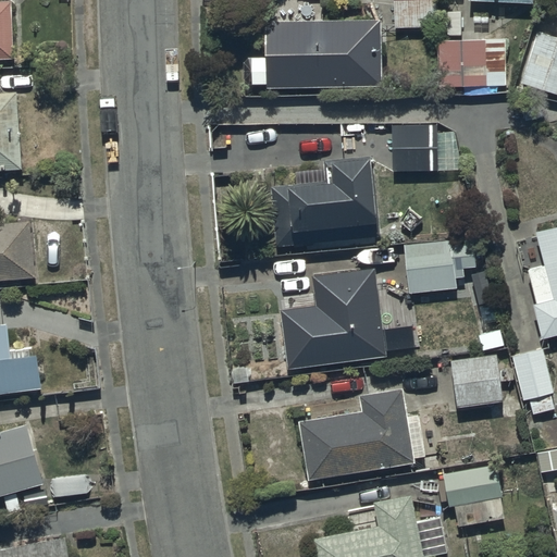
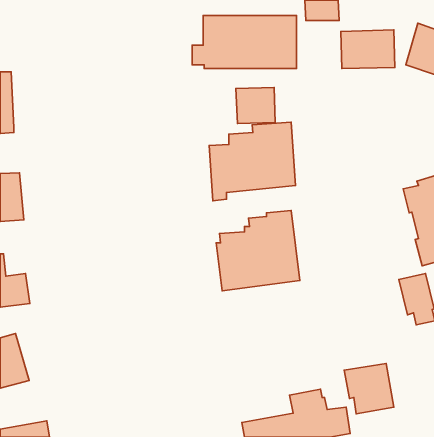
building: [389,125,440,171] -> [236,88,275,123]
building: [403,238,476,293] -> none
building: [448,355,512,408] -> none
building: [297,389,423,480] -> none

